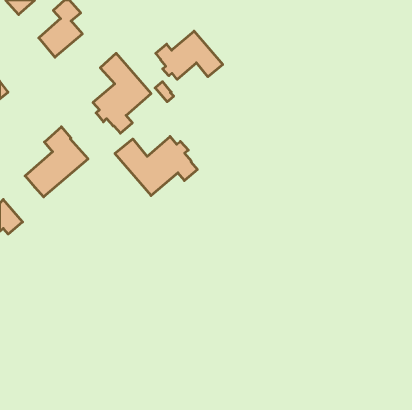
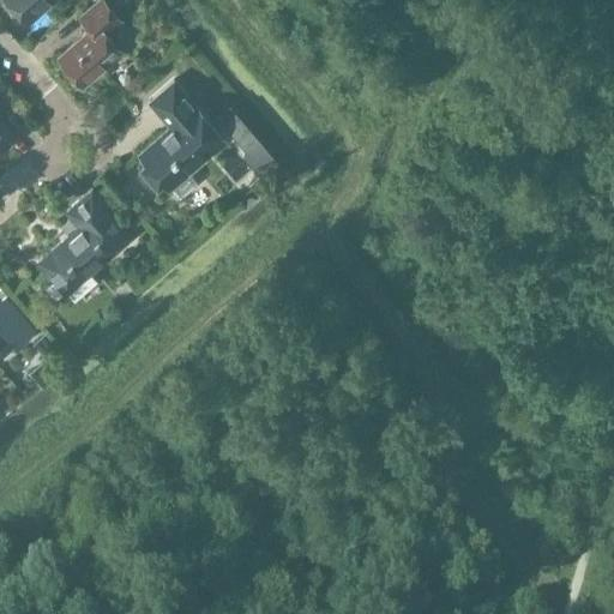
building: [156,31,223,79] -> none
building: [115,136,197,196] -> none

